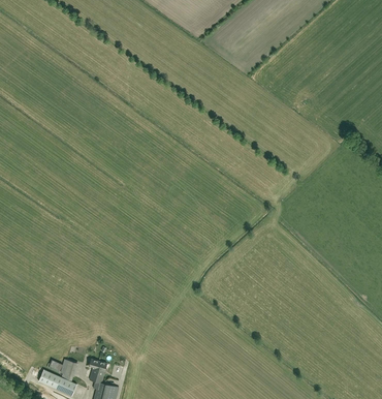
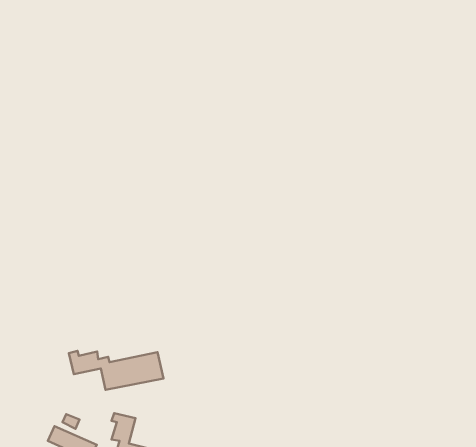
building: none -> [69,351,164,390]

